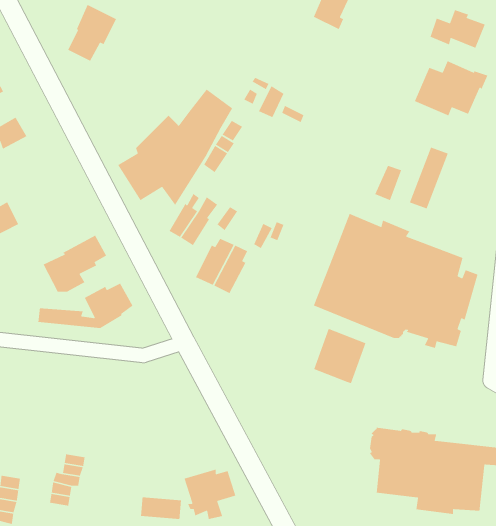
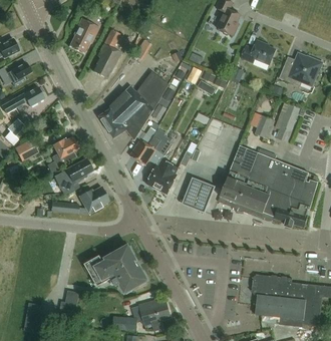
building: [429,9,486,49] -> [241,39,275,63]
building: none -> [92,29,119,77]
building: none -> [46,135,79,173]
building: [313,328,366,384] -> [183,177,215,211]
building: none -> [84,245,147,290]

